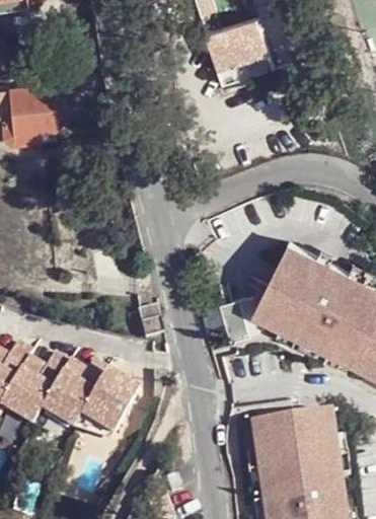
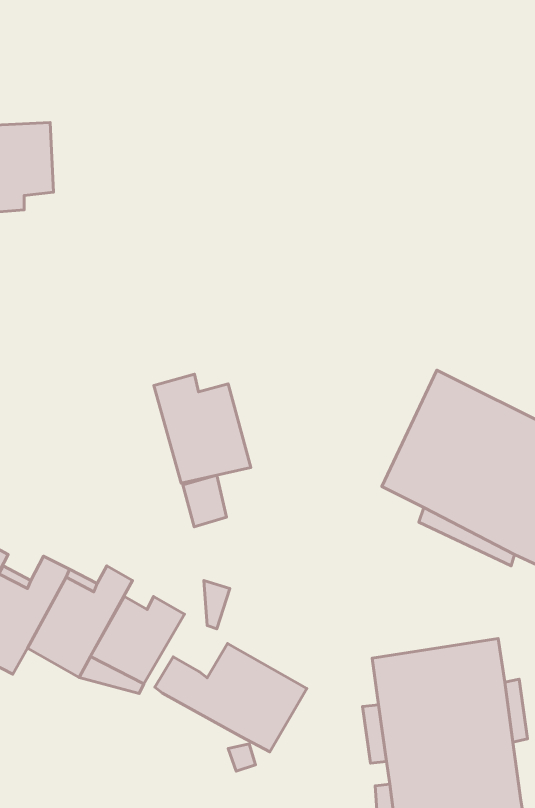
building: [206,17,274,81] -> none
building: none -> [154,374,251,483]
building: none -> [155,644,307,752]

